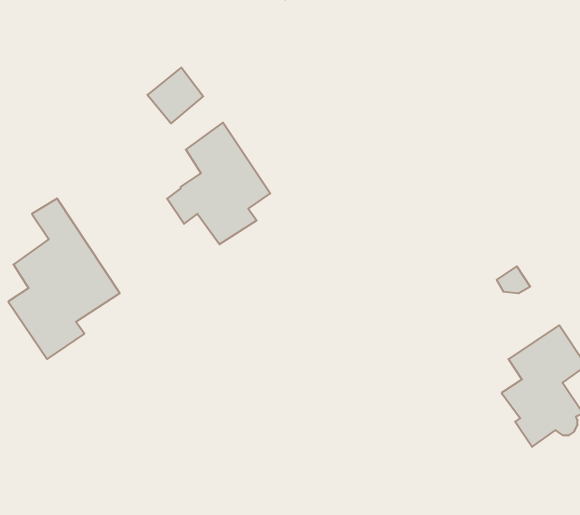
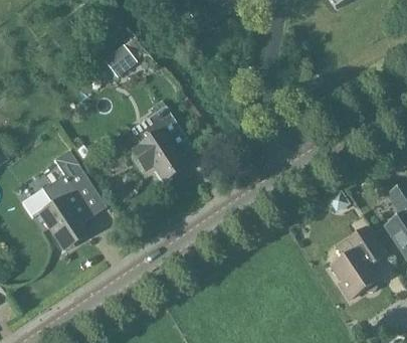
building: [147,68,203,123] -> [104,43,137,76]

